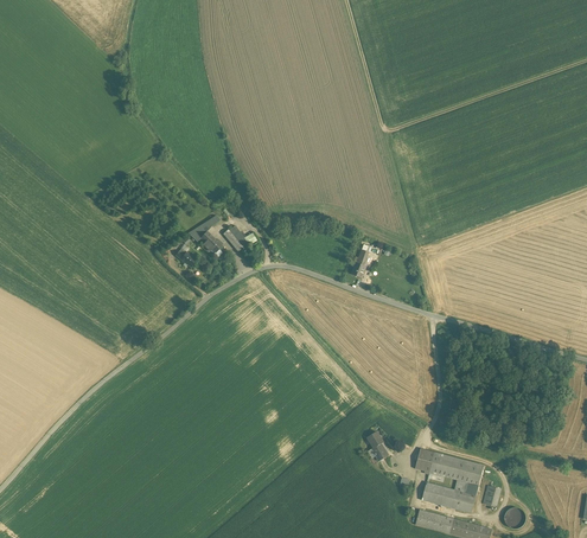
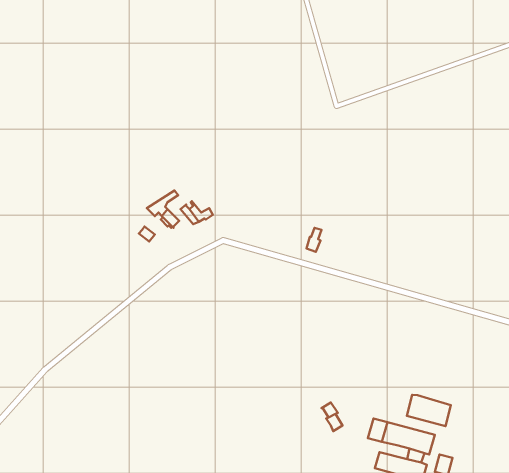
building: none -> [407,395,451,426]

